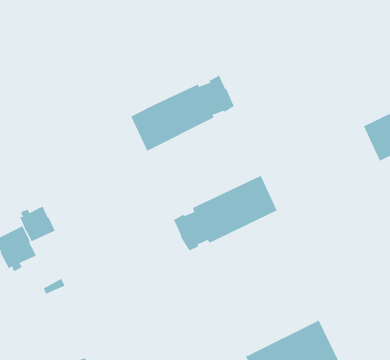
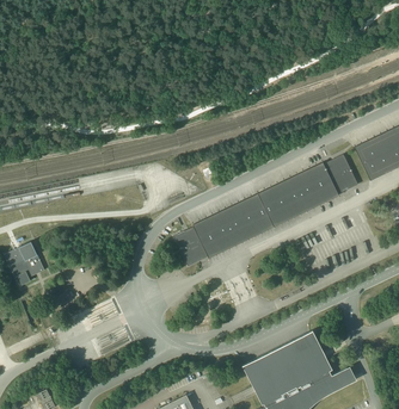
building: [130,75,235,152] -> [258,155,357,228]
building: [19,206,55,243] -> none

